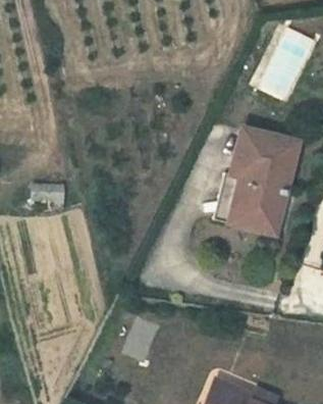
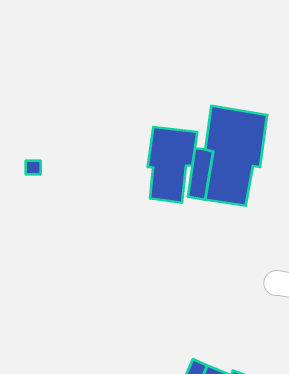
building: none -> [148,127,197,203]

